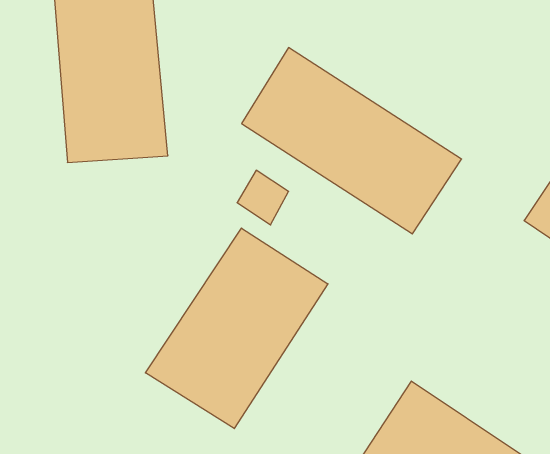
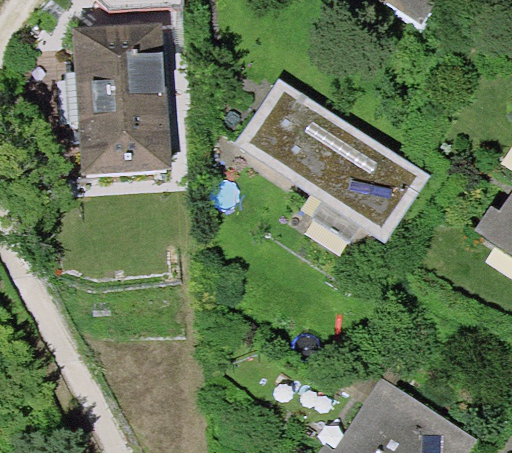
building: [145,228,328,429] -> none

